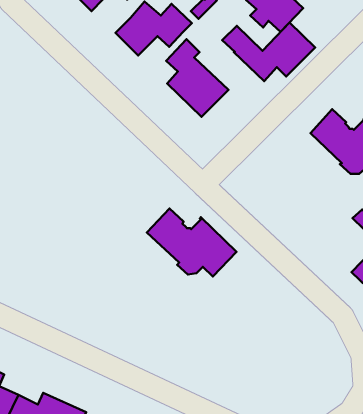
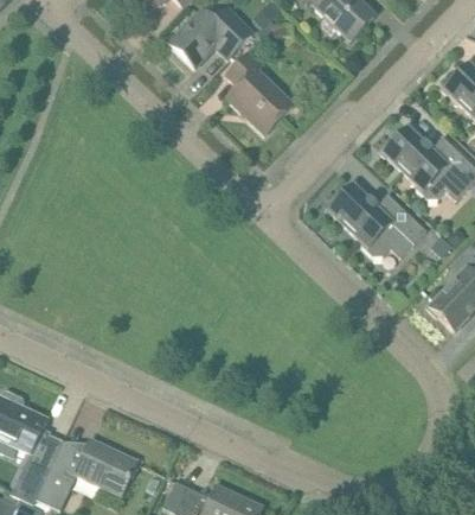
building: [222,23,315,81] -> none
building: [147,209,236,277] -> [328,183,426,258]

